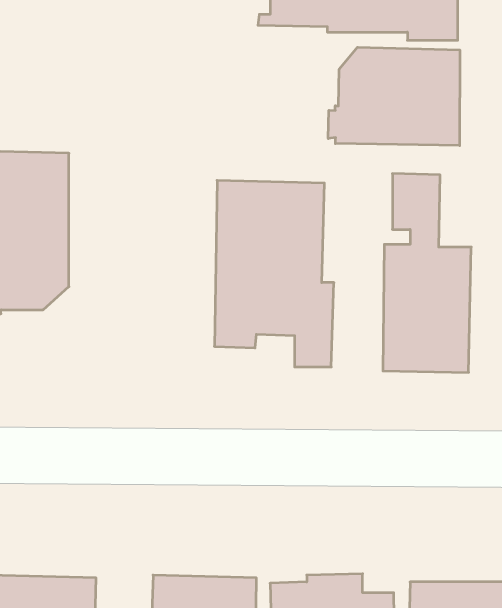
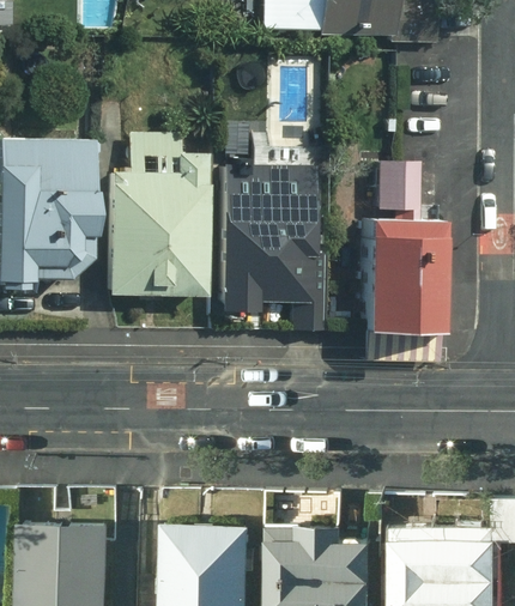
building: [328,47,460,146] -> none
building: none -> [108,132,208,297]

